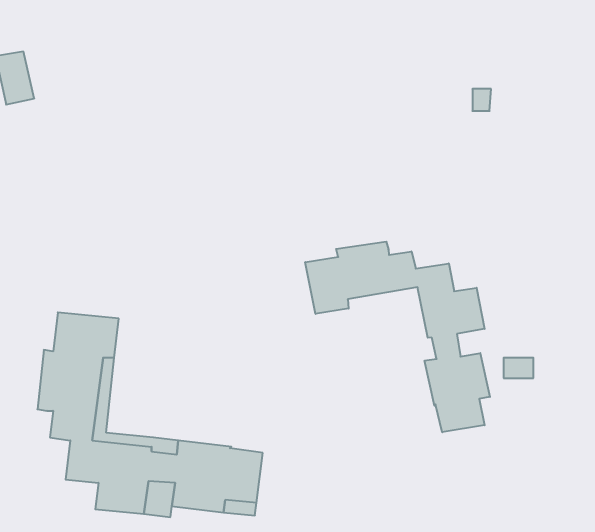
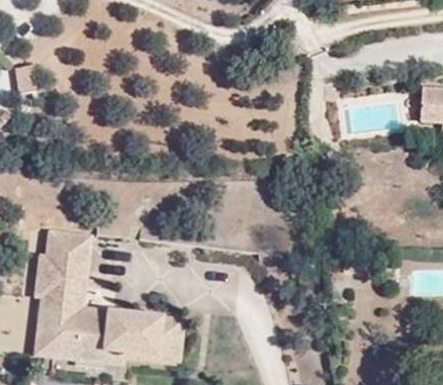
building: [305,242,490,432] -> none
building: none -> [36,292,77,356]

